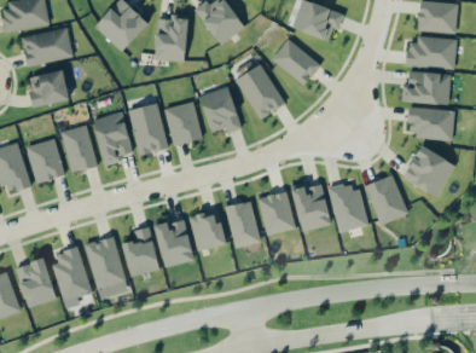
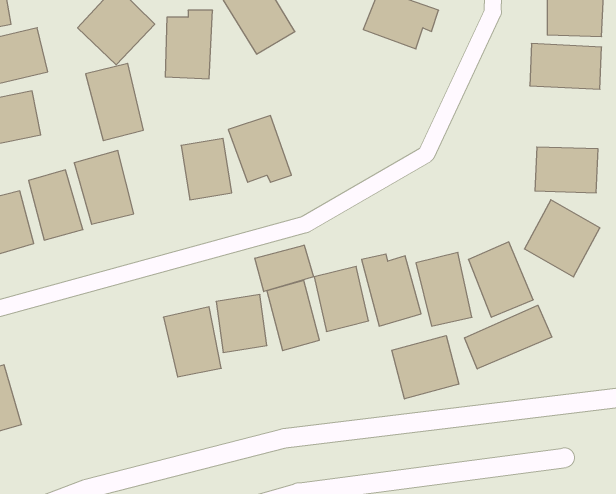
building: [271,39,320,86] -> none
building: [234,64,285,120] -> none
building: [401,71,449,104] -> none
building: [128,103,168,156] -> [86,63,143,141]
building: none -> [255,245,313,292]
building: none -> [465,305,552,369]
building: [122,227,158,277] -> none
building: [85,237,128,300] -> none
building: none -> [392,336,459,399]
building: [51,247,91,308] -> none

